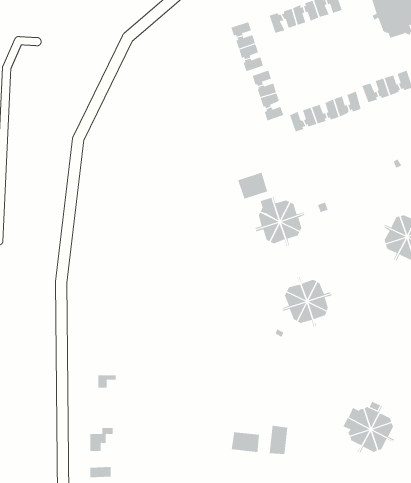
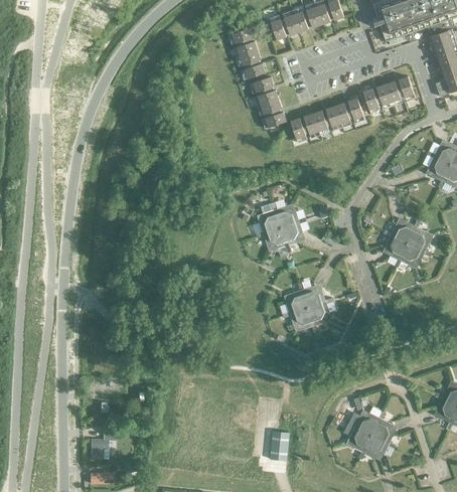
building: [237,172,268,199] -> none
building: [231,431,259,453] -> none

